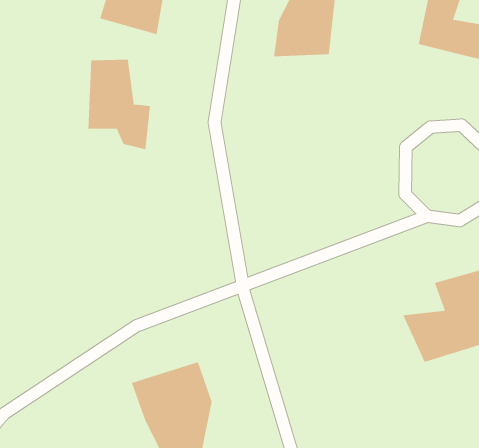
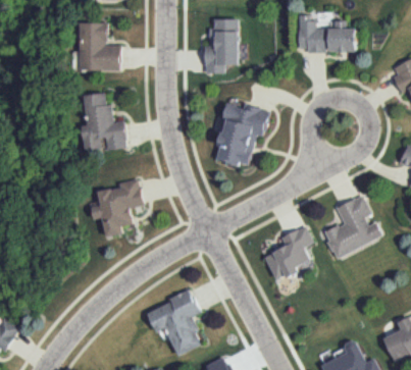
building: none -> [211,101,268,168]
building: none -> [97,175,144,240]
building: none -> [261,224,314,280]

